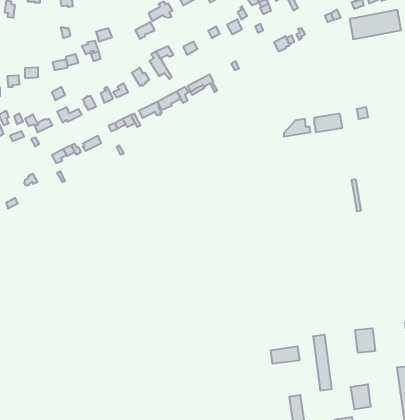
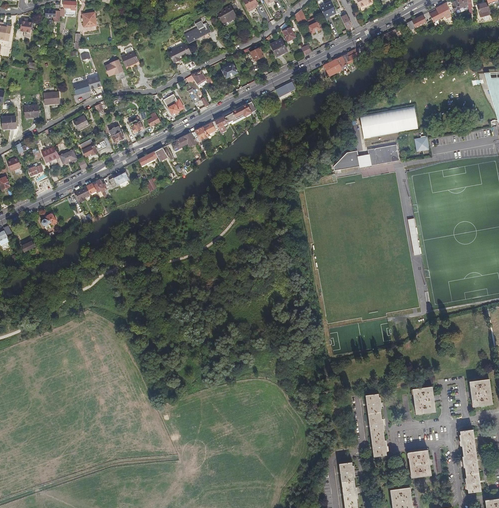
building: [350,10,401,39] -> [360,106,418,139]
building: [271,346,299,364] -> none

